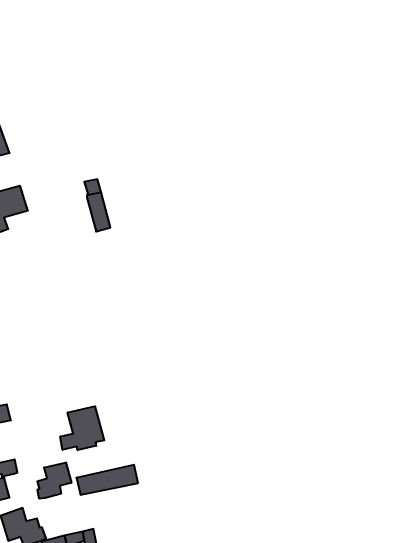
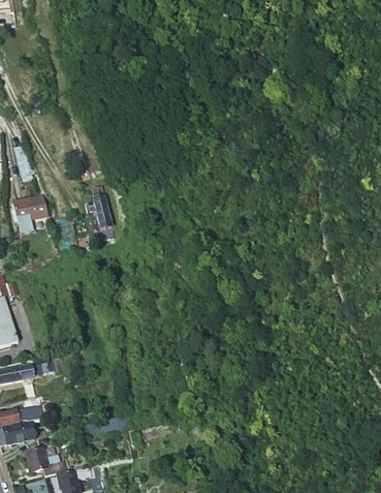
building: [60,406,104,450] -> none
building: [37,462,71,499] -> none

